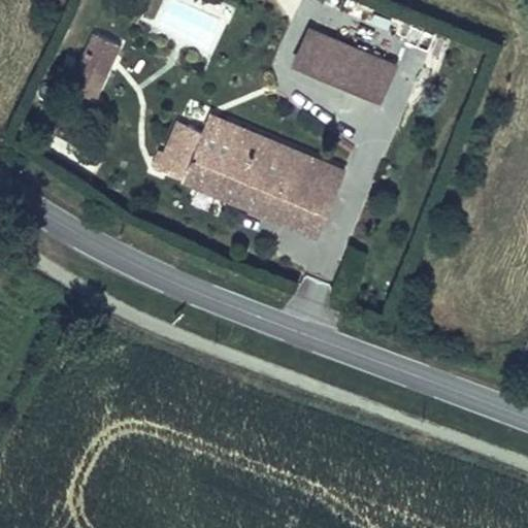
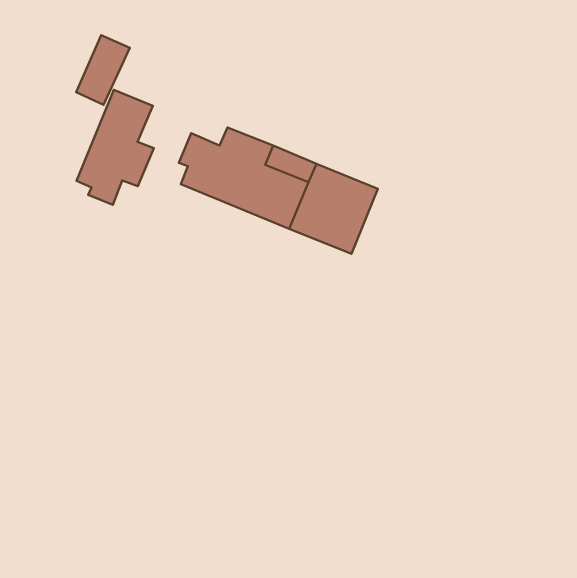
building: [294,28,393,99] -> none
building: none -> [77,90,154,205]

